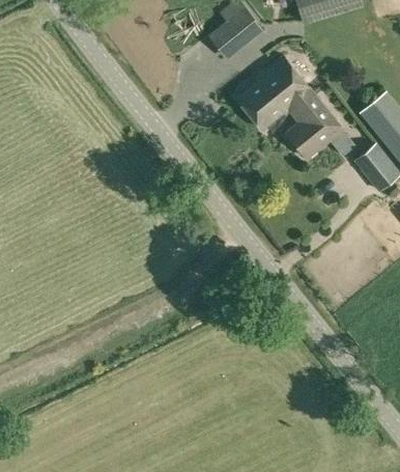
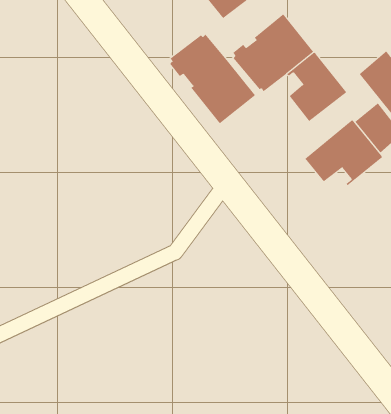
building: none -> [169,34,256,124]
building: none -> [304,119,383,186]

